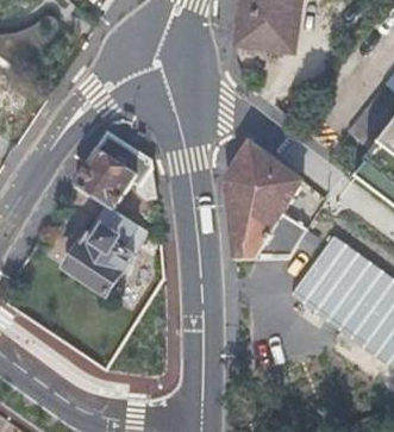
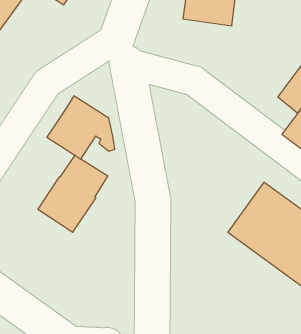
building: [226,139,306,255] -> none

